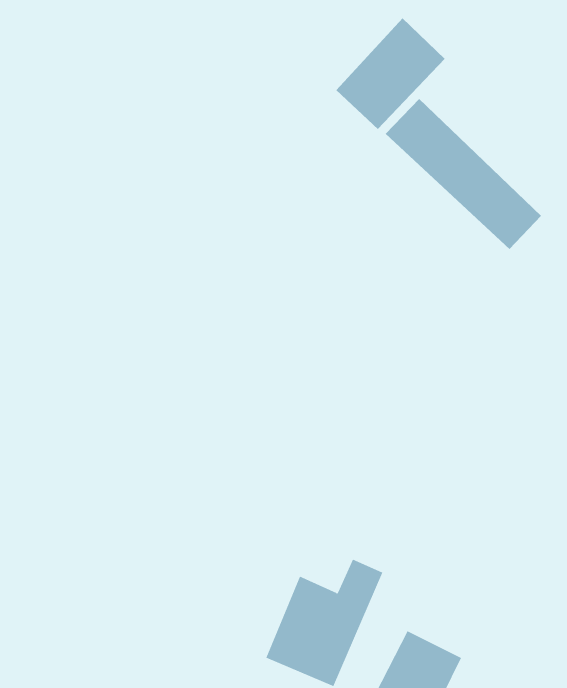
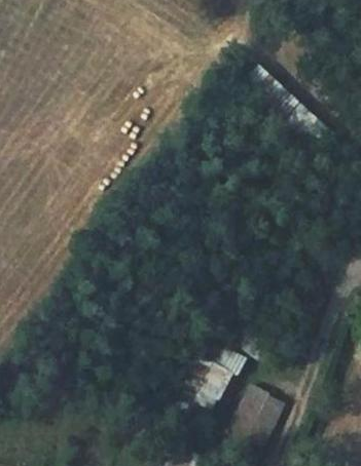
building: [335,18,446,130] -> none

